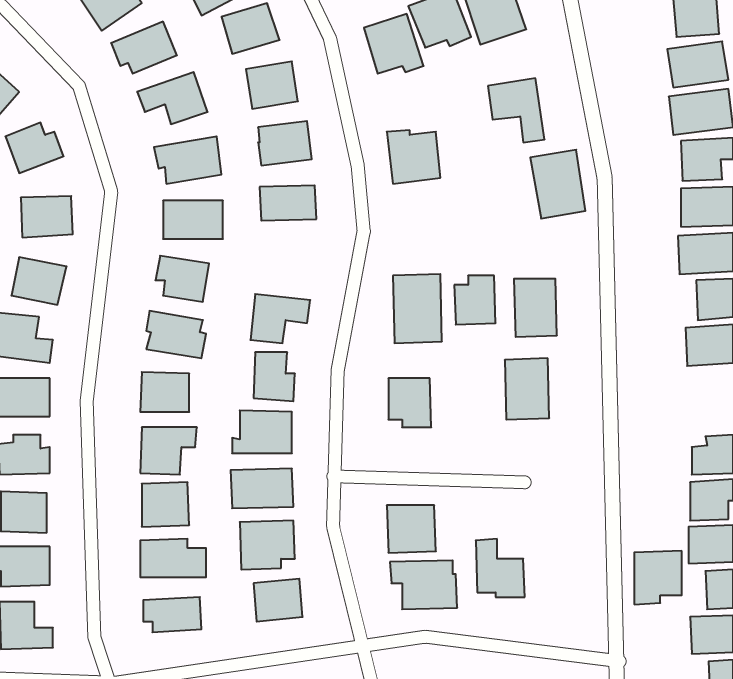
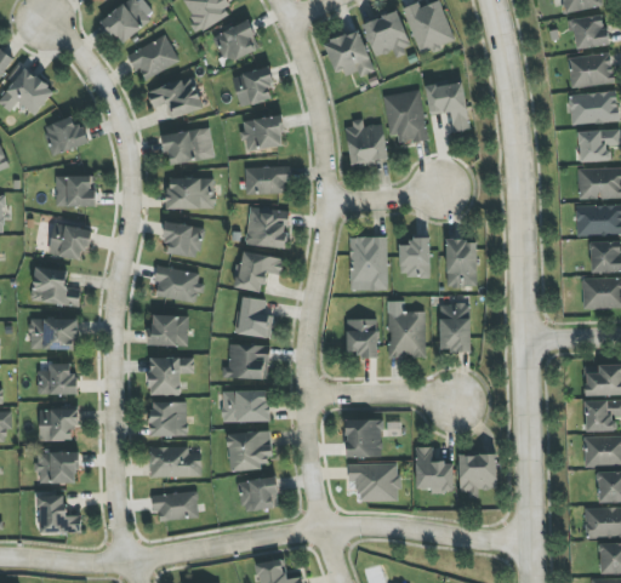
building: [530,150,585,219] -> [383,90,427,144]
building: none -> [246,207,290,247]
building: none -> [387,311,427,358]
building: [634,551,682,604] -> [458,453,496,496]

